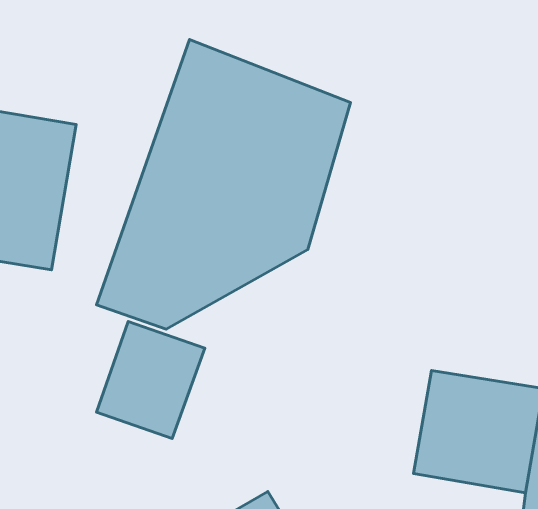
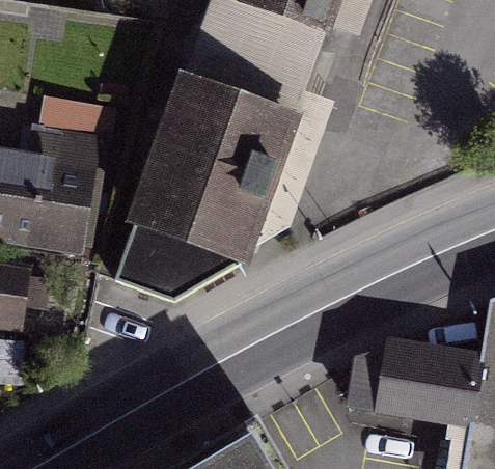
building: [97,322,205,438] -> none

